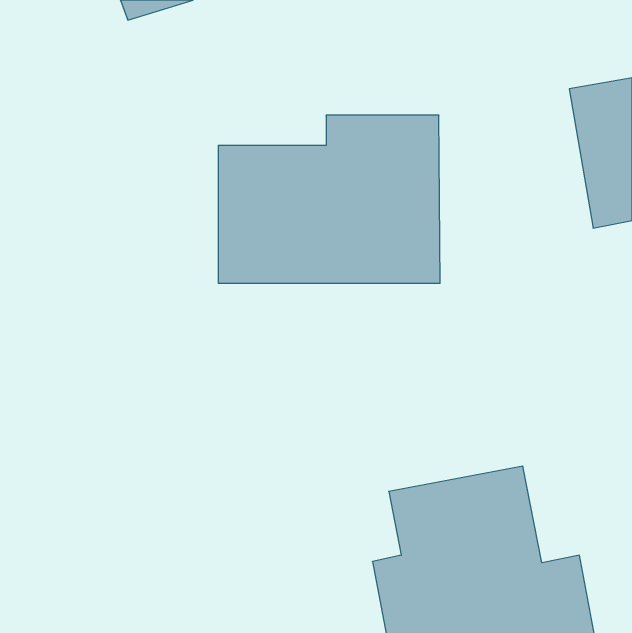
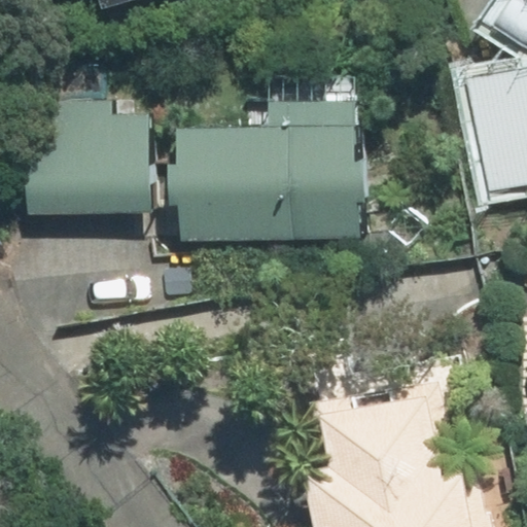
building: none -> [24,106,150,215]

